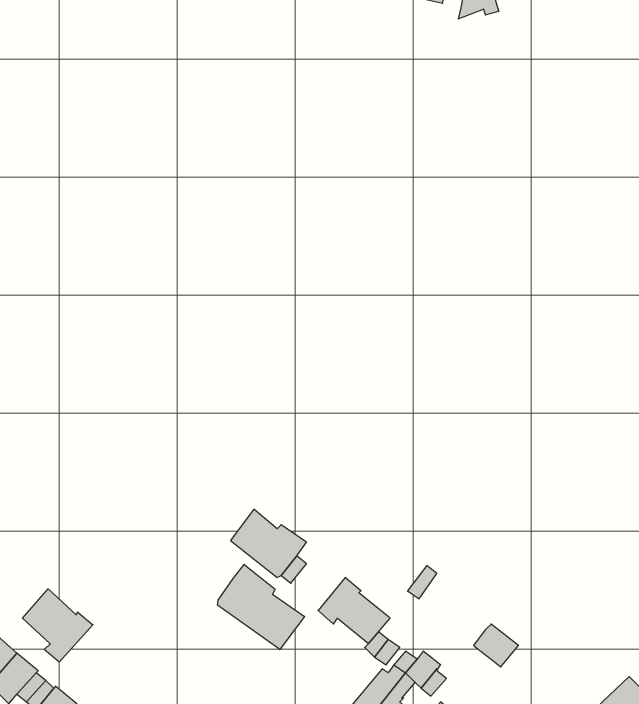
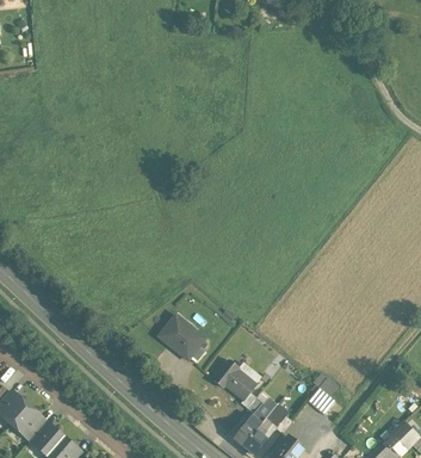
building: [218,564,305,650] -> none
building: [22,589,93,662] -> none

